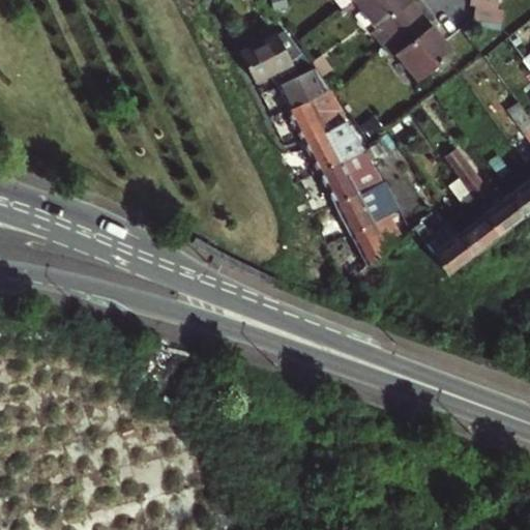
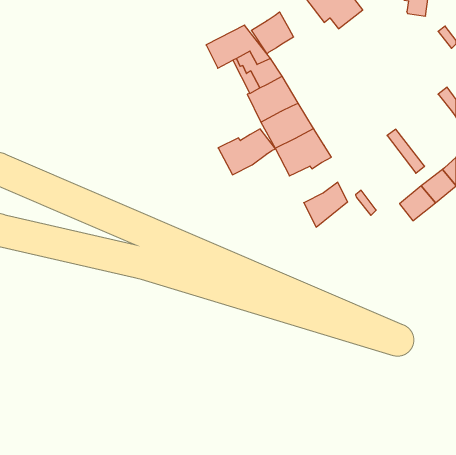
building: [391,11,452,79] -> none
building: none -> [251,12,294,54]
building: [334,181,401,234] -> [218,129,275,175]
building: [435,235,477,275] -> none

